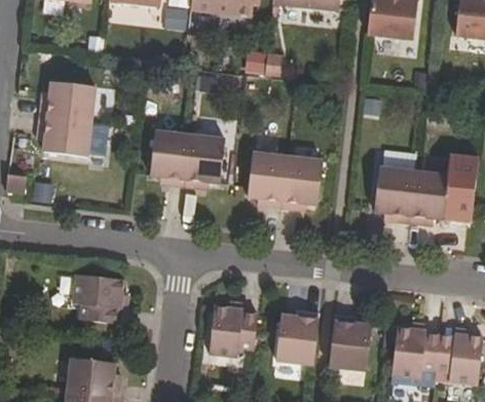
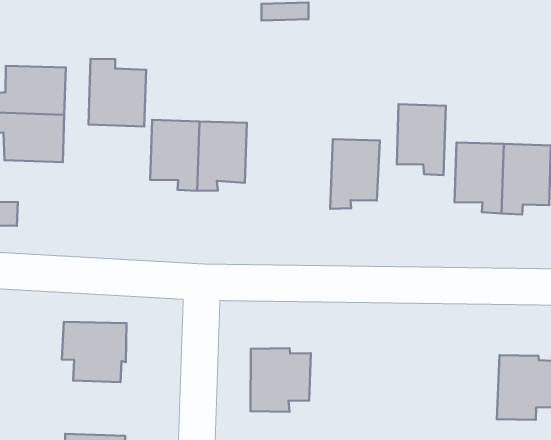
building: none -> [89,59,146,126]
building: [248,152,288,208] -> [397,104,446,175]
building: [276,310,320,364] -> none
building: [330,315,372,370] -> none

